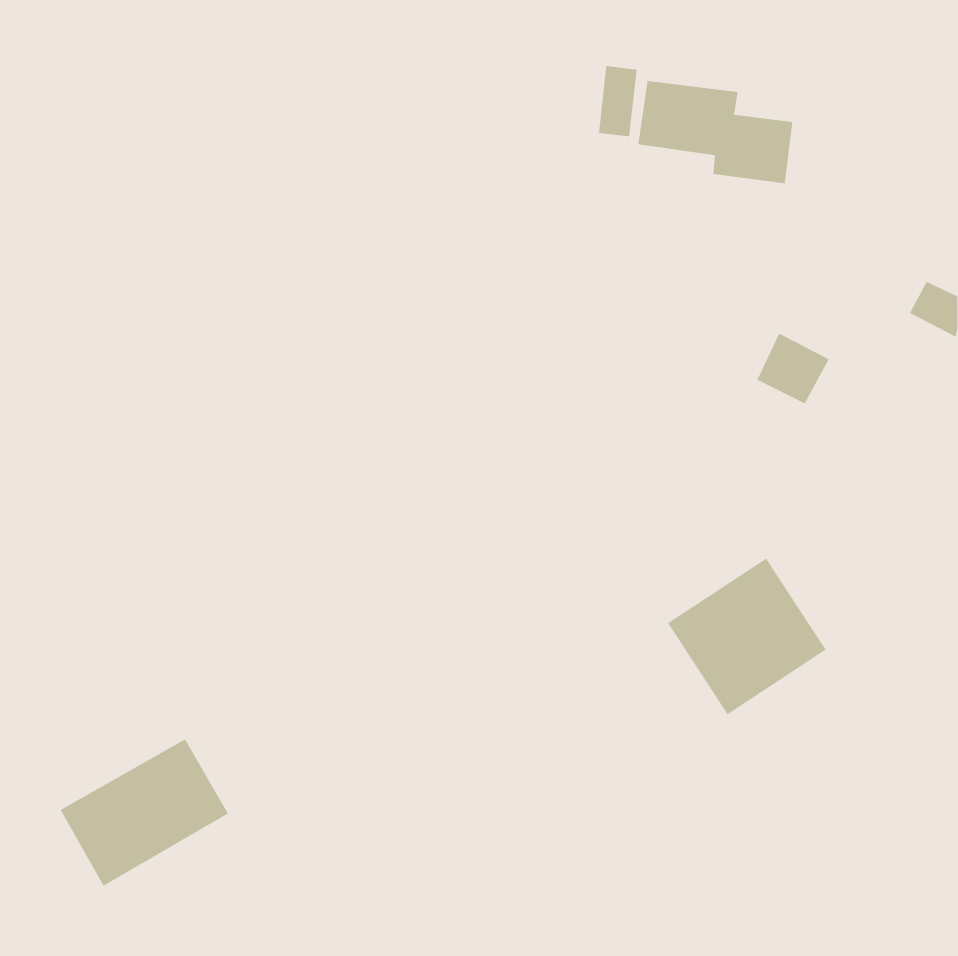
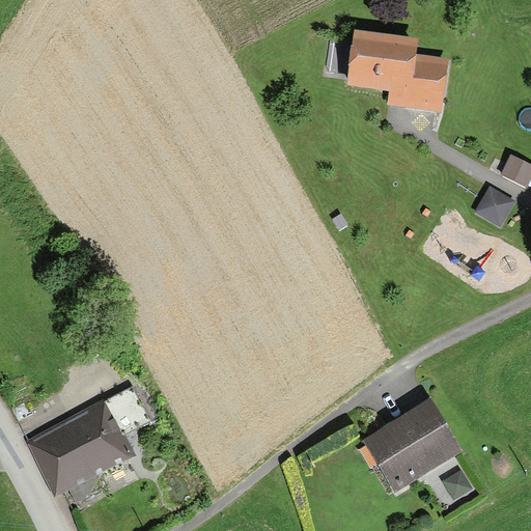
building: [756,333,829,404] -> [478,186,519,225]
building: [667,558,826,715] -> [365,402,453,490]

